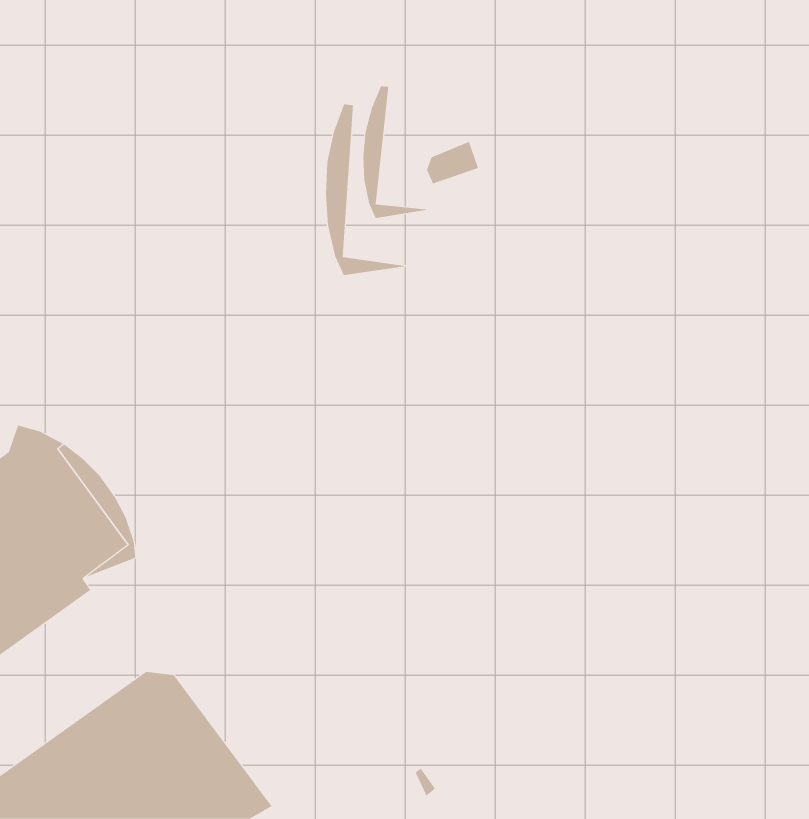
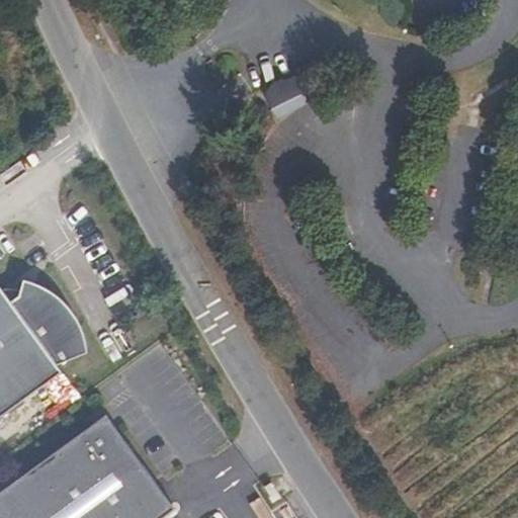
building: [363,85,432,219] -> none
building: [326,103,410,276] -> none

